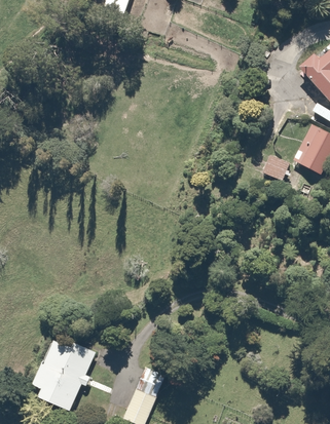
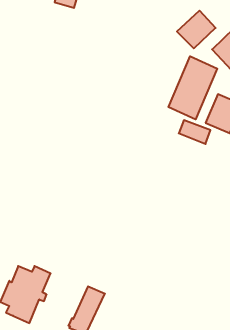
building: none -> [177,11,216,48]
building: none -> [168,56,217,119]

